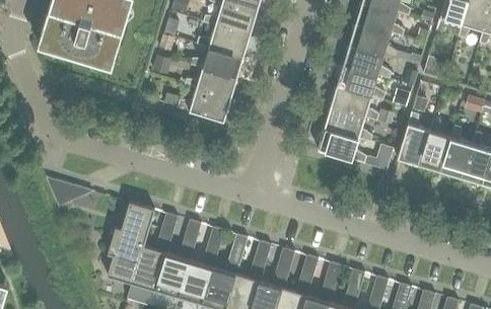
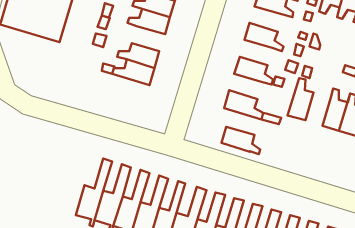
building: [349,23,398,58] -> none
building: [190,48,243,79] -> none
building: [337,65,385,100] -> none
building: [324,107,372,142] -> [221,127,260,154]
building: [419,119,450,172] -> none
building: [47,178,91,206] -> none
building: [108,202,154,291] -> none

